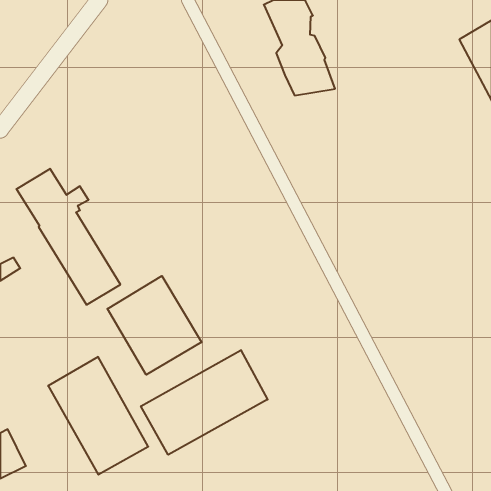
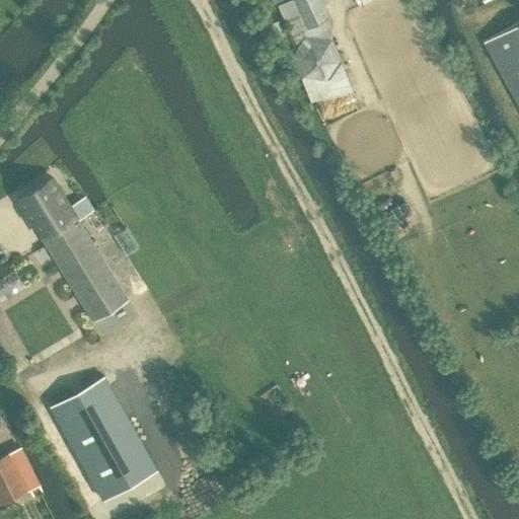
building: [107,276,202,375] -> none
building: [141,350,268,455] -> none

